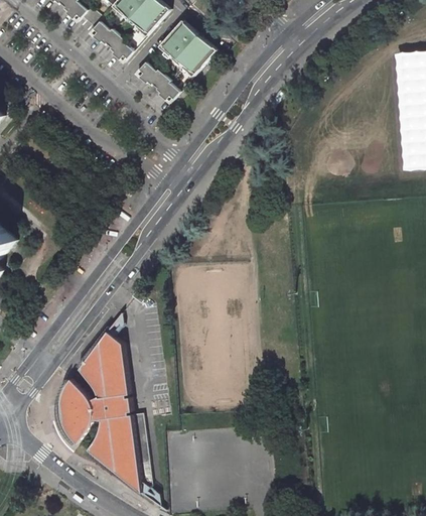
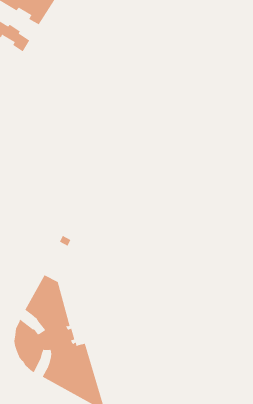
building: [158,21,215,77] -> none
building: [133,62,177,104] -> none

